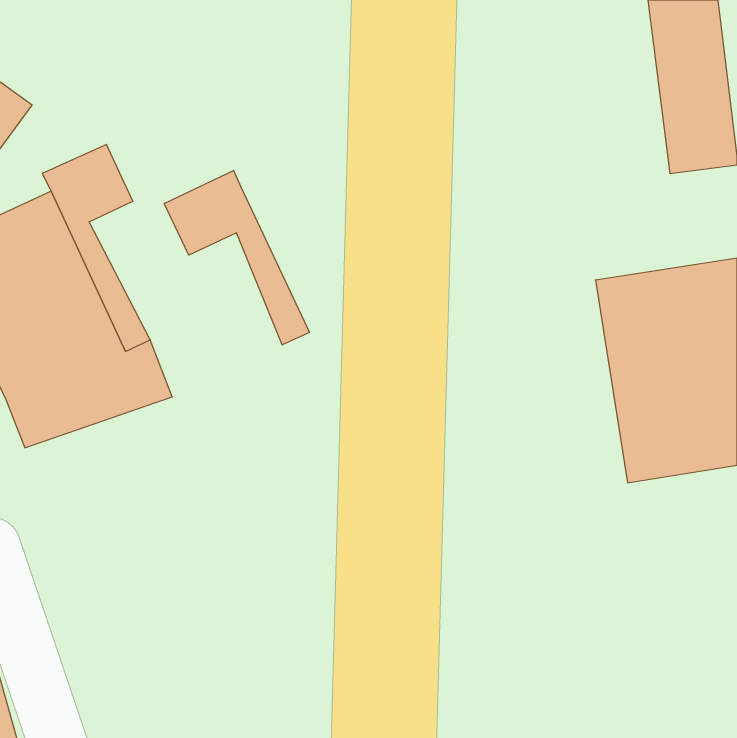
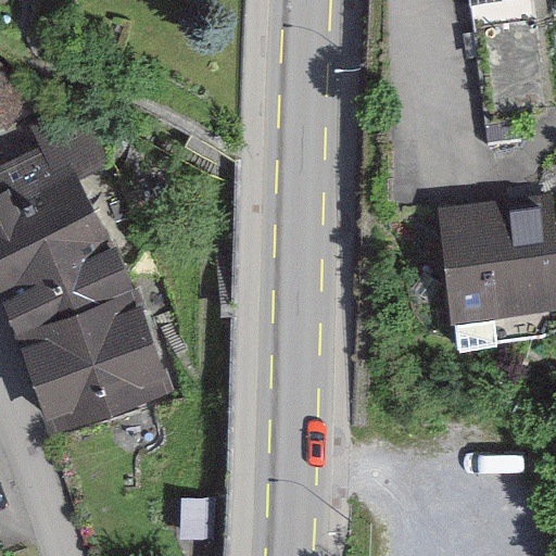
building: [164,170,309,345] -> none
building: none -> [18,301,160,428]

